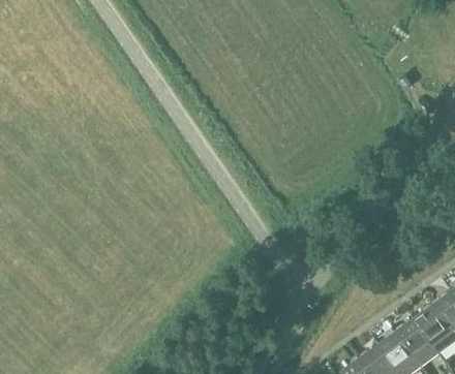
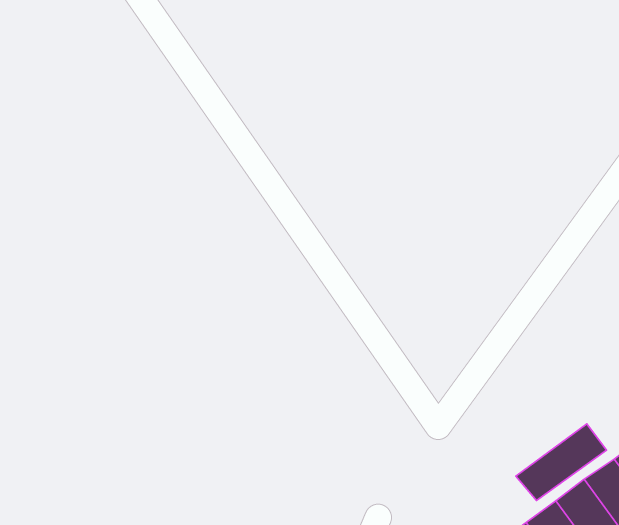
building: none -> [516,424,607,501]

